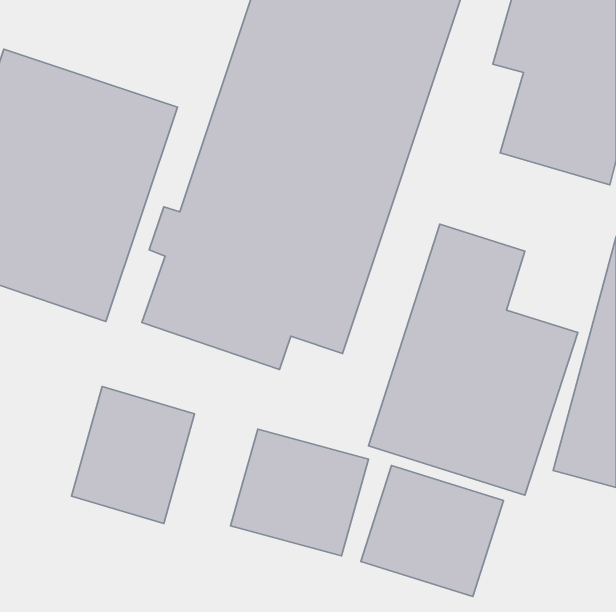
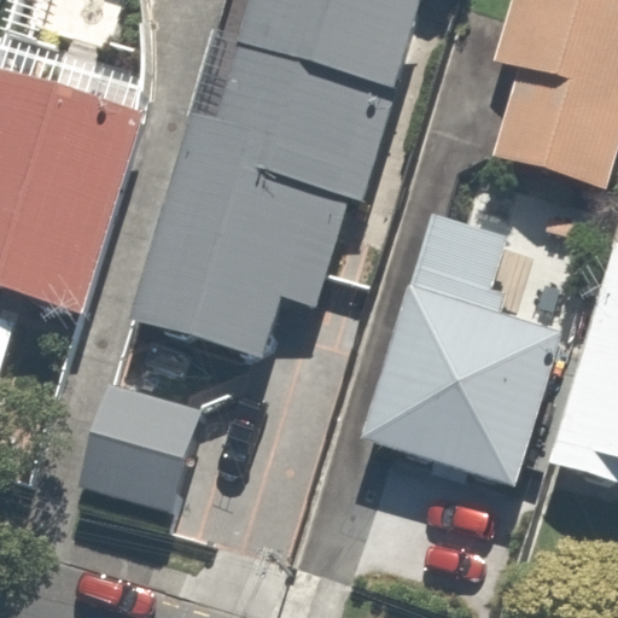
building: [231,429,369,556] -> none
building: [361,466,504,596] -> none

